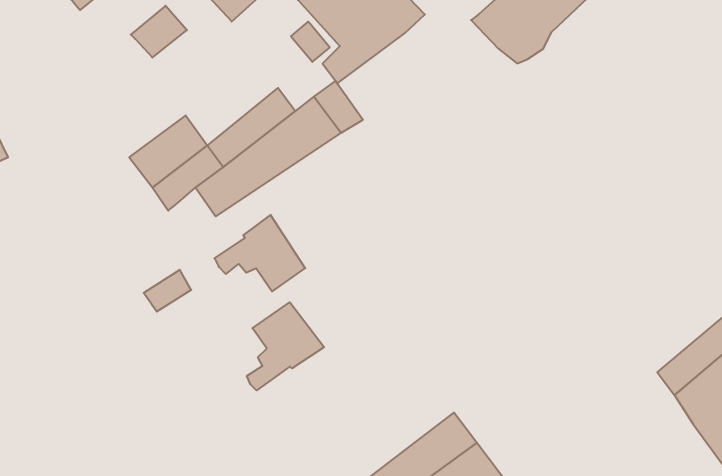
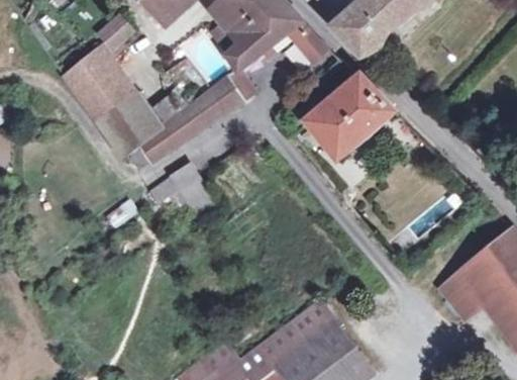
building: none -> [286,19,330,64]
building: none -> [64,45,132,119]
building: none -> [308,74,394,157]
building: [247,302,324,390] -> none
building: none -> [439,270,488,324]

